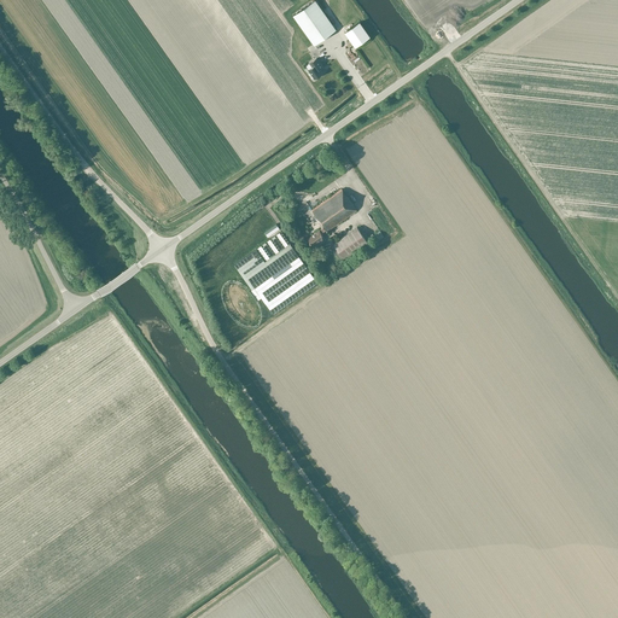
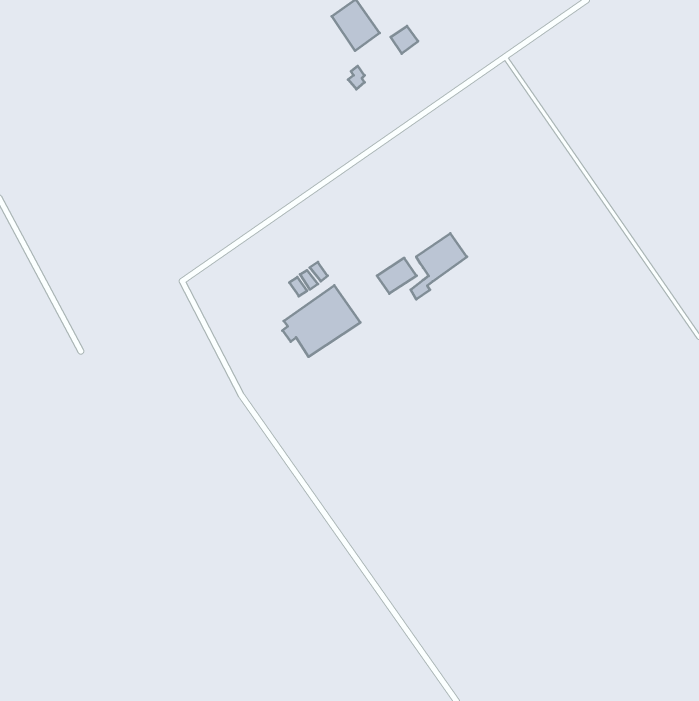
building: [307,188,356,246] -> [411,233,467,299]

